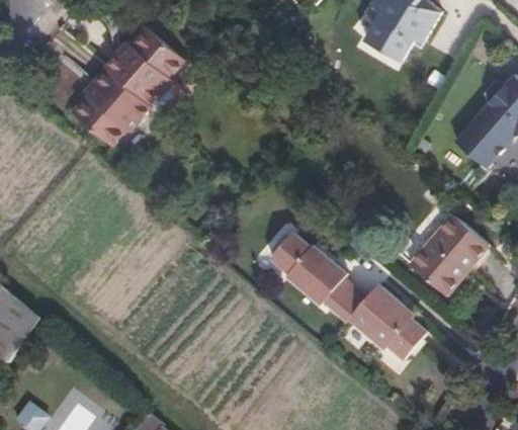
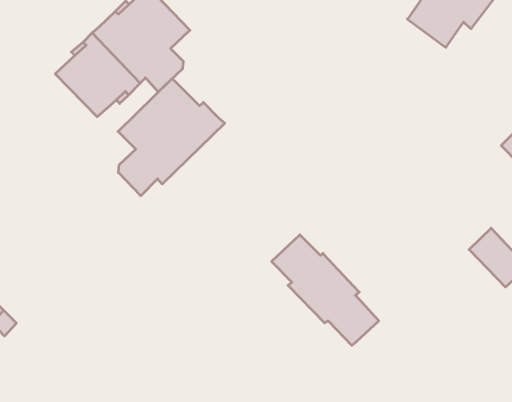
building: none -> [118,79,225,196]
building: [410,231,472,293] -> none
building: [349,285,426,360] -> none

